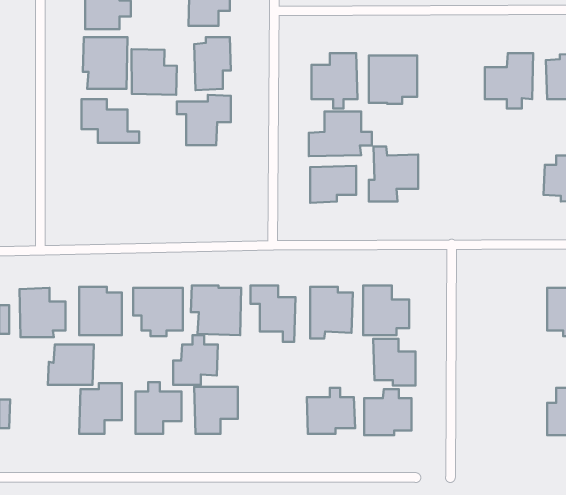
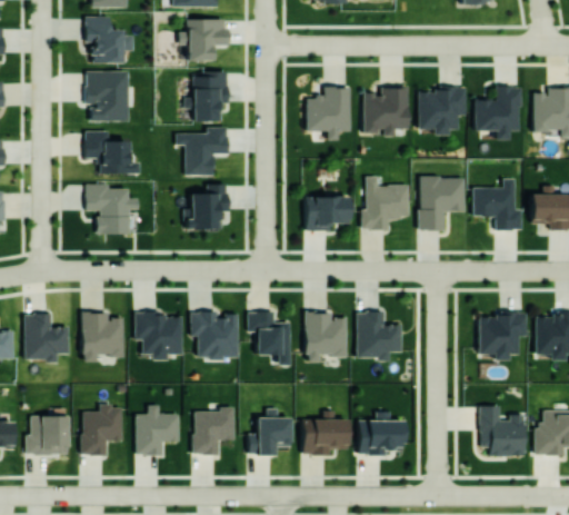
building: [131,49,177,95] -> none
building: none -> [418,89,466,136]
building: [309,112,372,156] -> none
building: none -> [420,177,466,231]
building: none -> [473,179,522,230]
building: none -> [86,185,139,235]
building: none -> [187,185,229,230]
building: none -> [477,314,527,360]
building: [173,335,218,385] -> [249,408,292,456]
building: [373,339,416,386] -> none
building: [48,345,94,385] -> [26,416,70,455]
building: none -> [480,406,525,456]

